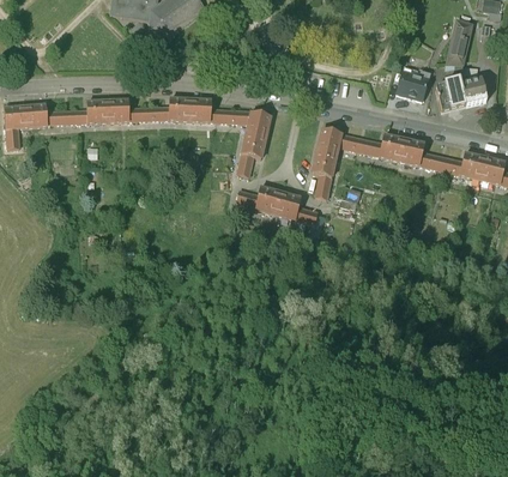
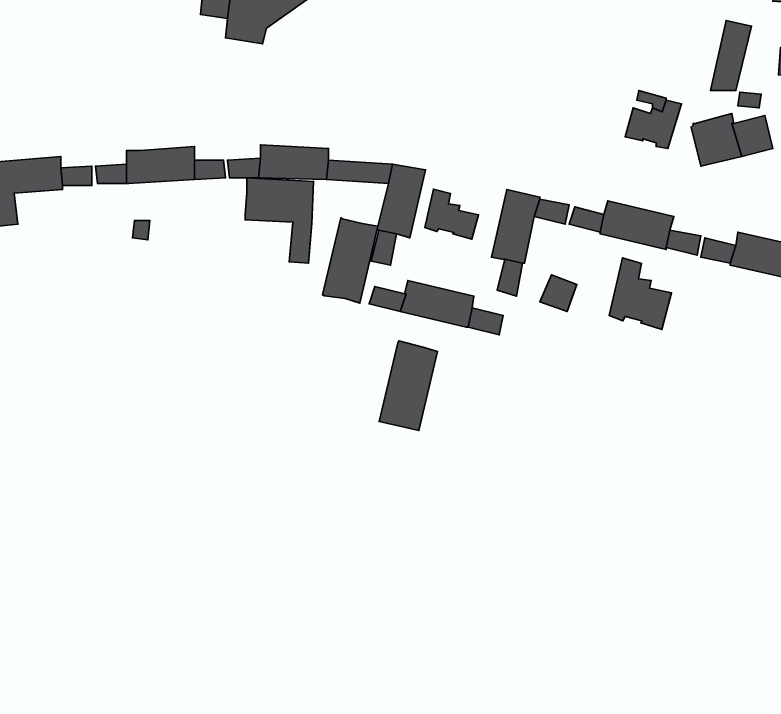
building: none -> [245,178,313,263]
building: none -> [425,189,479,239]
building: none -> [323,218,378,303]
building: none -> [609,258,672,330]
building: none -> [379,341,437,430]

